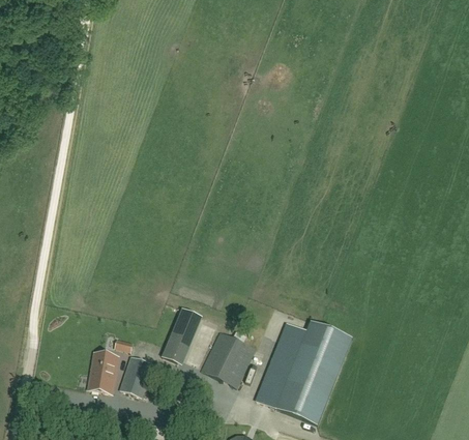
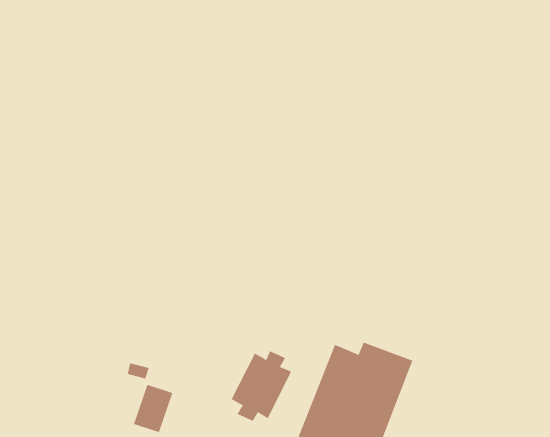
building: [162,307,202,364] -> none
building: [88,351,118,392] -> none

